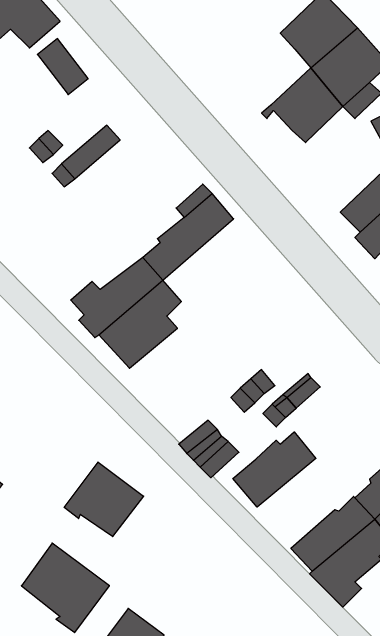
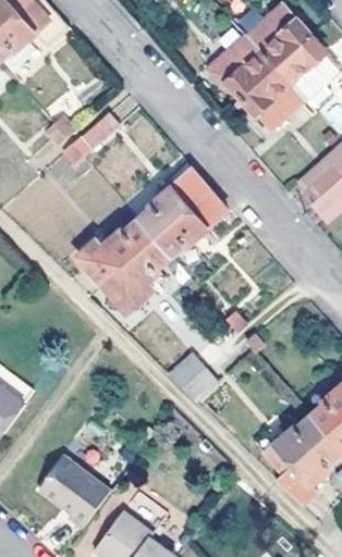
building: none -> [213,36,274,97]
building: none -> [154,189,229,257]
building: [233,432,316,507] -> none
building: [64,462,144,537] -> none

